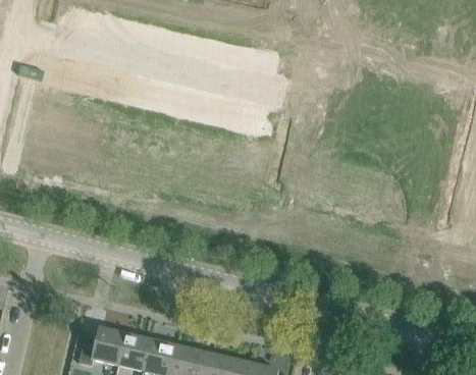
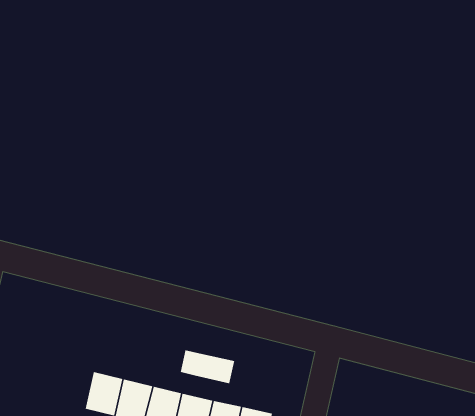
building: none -> [180,350,235,384]
building: [77,327,125,365] -> none

